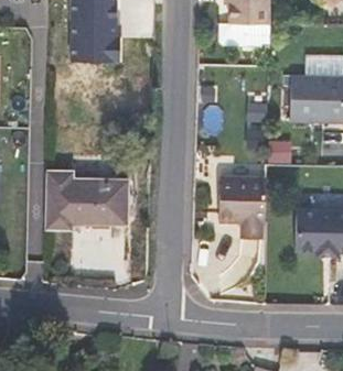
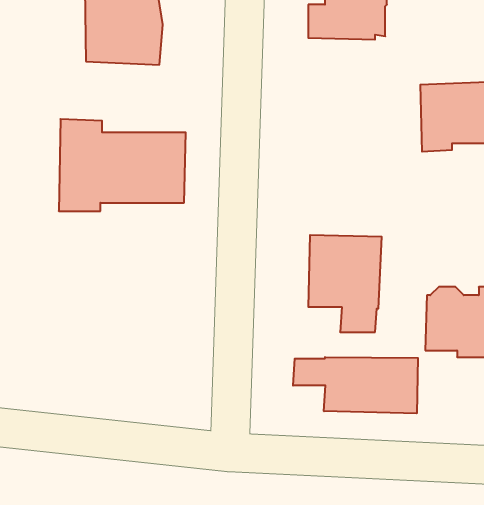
building: [44,170,128,230] -> [59,119,186,211]
building: none -> [293,357,418,413]

